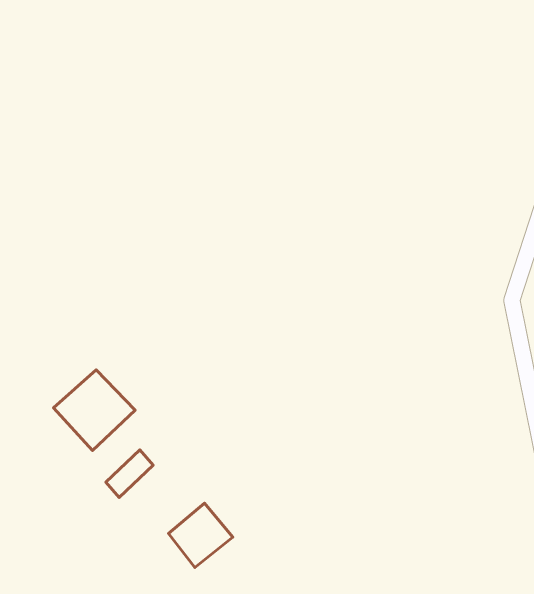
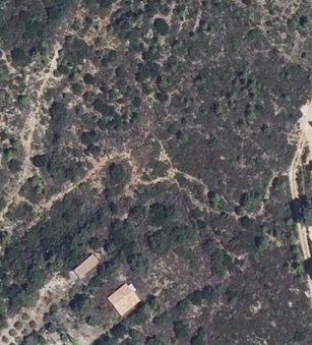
building: [54,370,135,450] -> none

